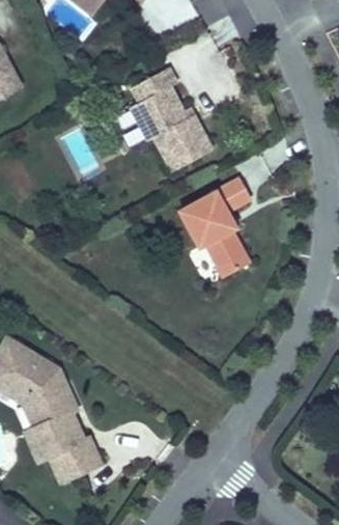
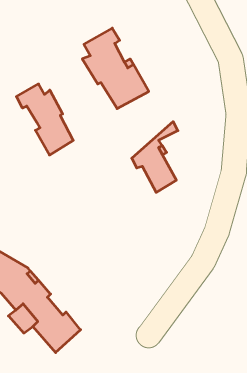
building: none -> [16,84,73,155]
building: [178,175,244,232] -> none

